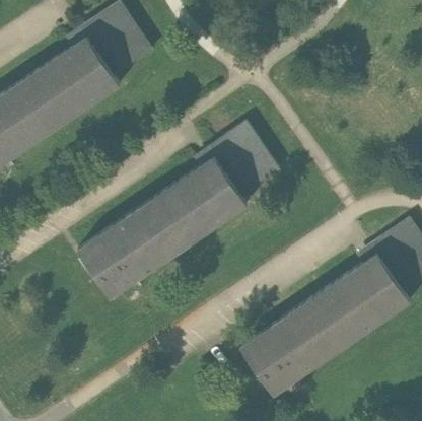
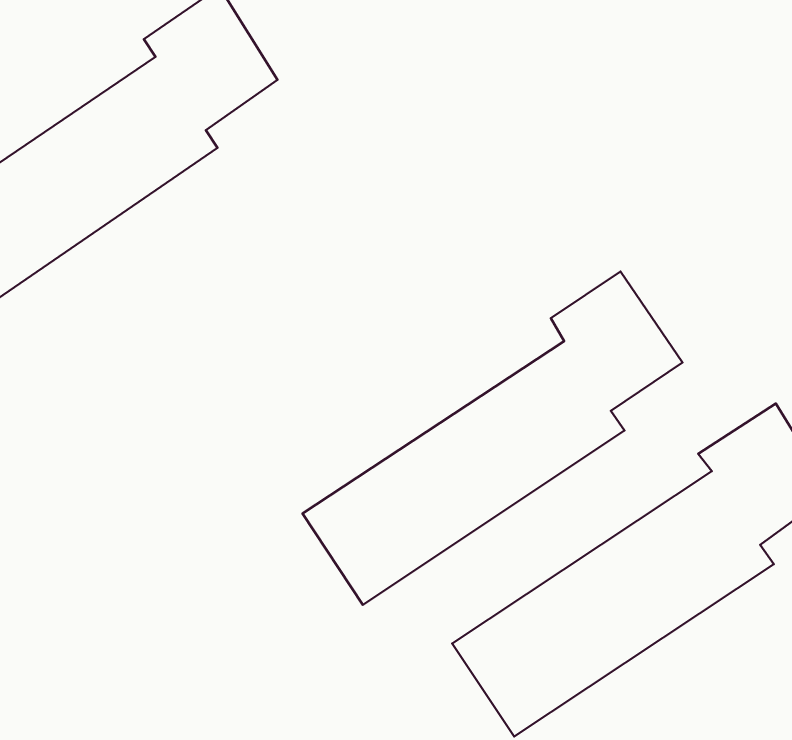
building: [79,122,278,296] -> [303,272,683,605]

